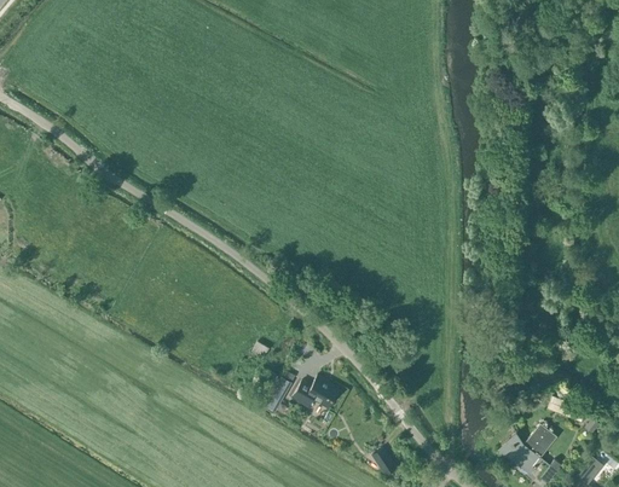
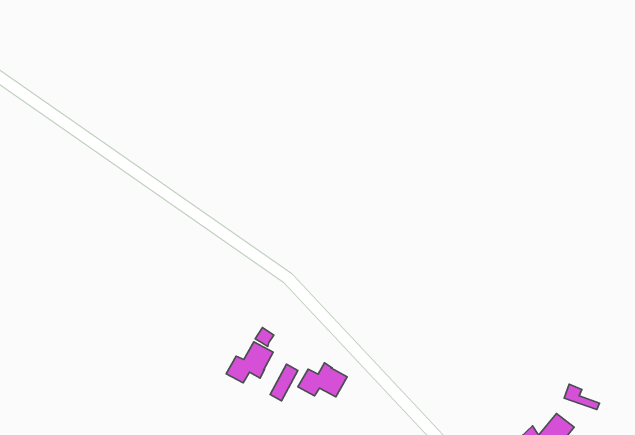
building: none -> [226,342,273,383]

